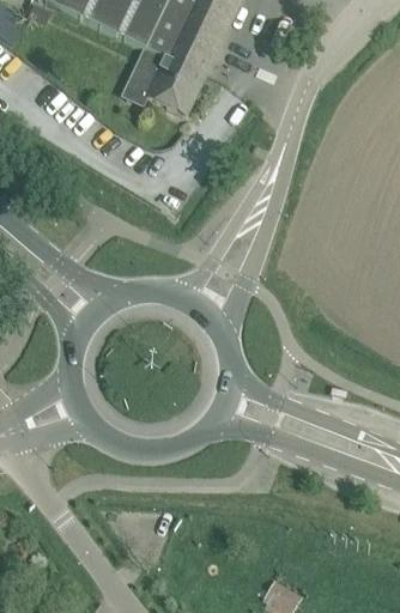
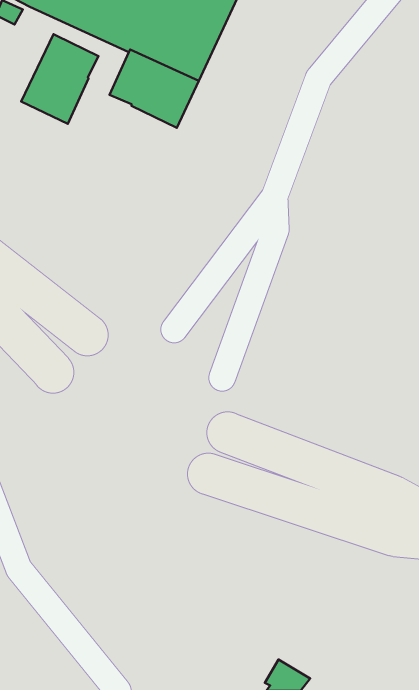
building: none -> [21,34,98,124]

